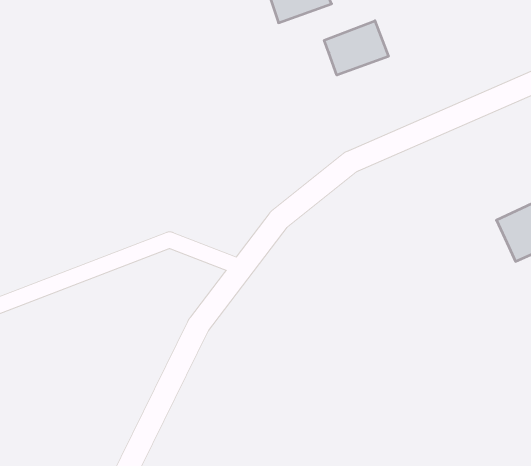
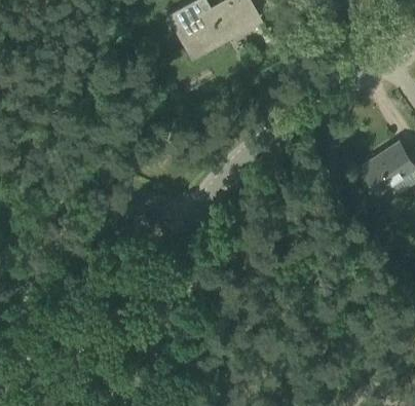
building: [324,21,388,75] -> none

